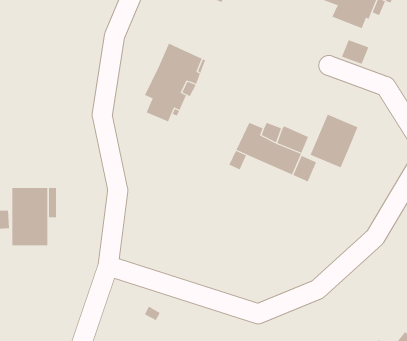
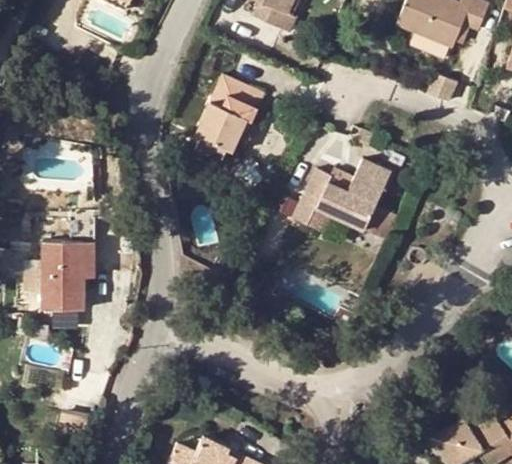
building: [310,114,358,168] -> none

